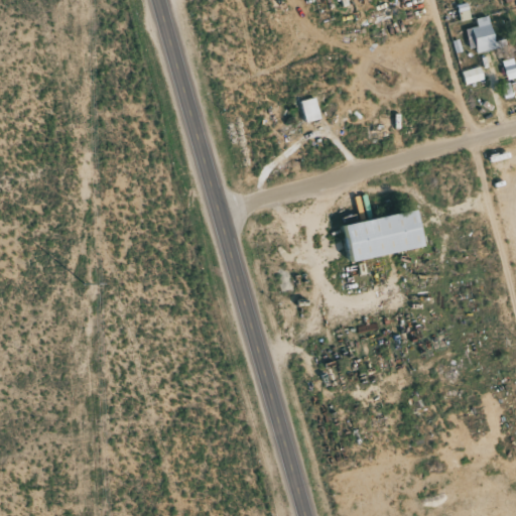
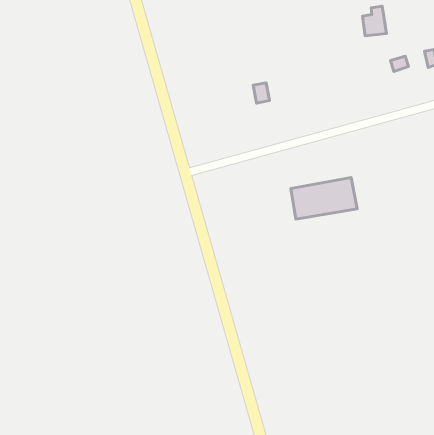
building: [468,17,496,52] -> [363,6,386,36]

